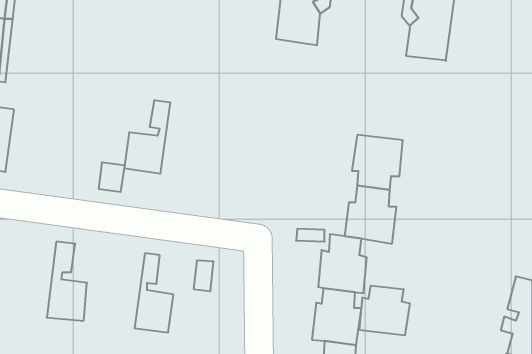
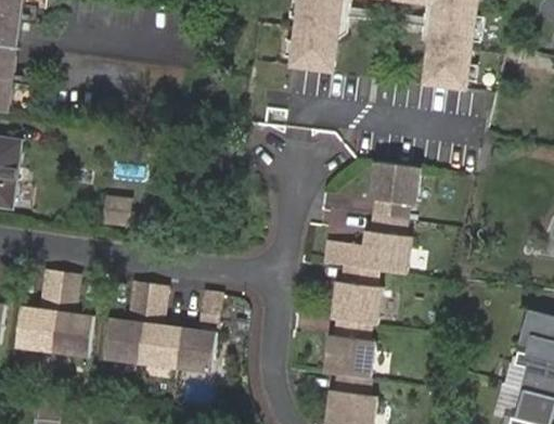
building: [125,100,170,174] -> none
building: none -> [17,270,62,351]
building: none -> [107,282,153,362]
building: [360,286,410,335] -> none
building: none -> [177,327,218,372]

